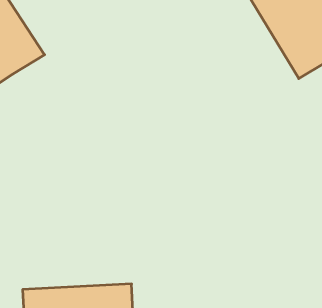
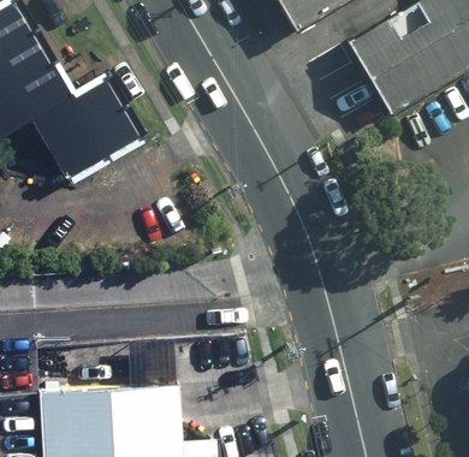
building: none -> [31,76,138,178]

